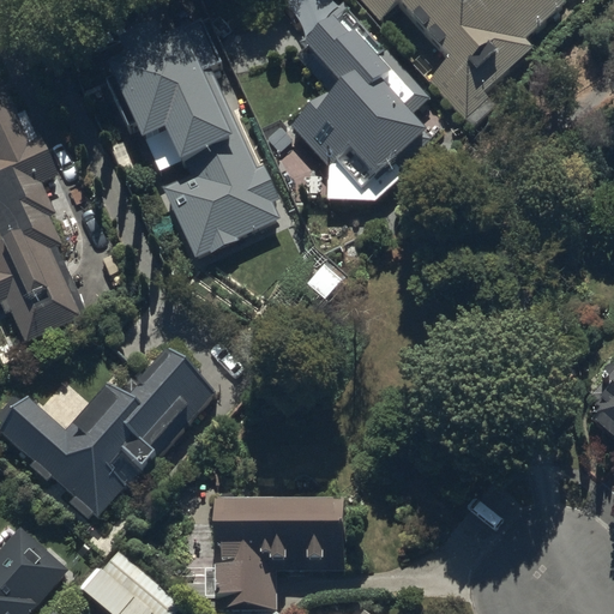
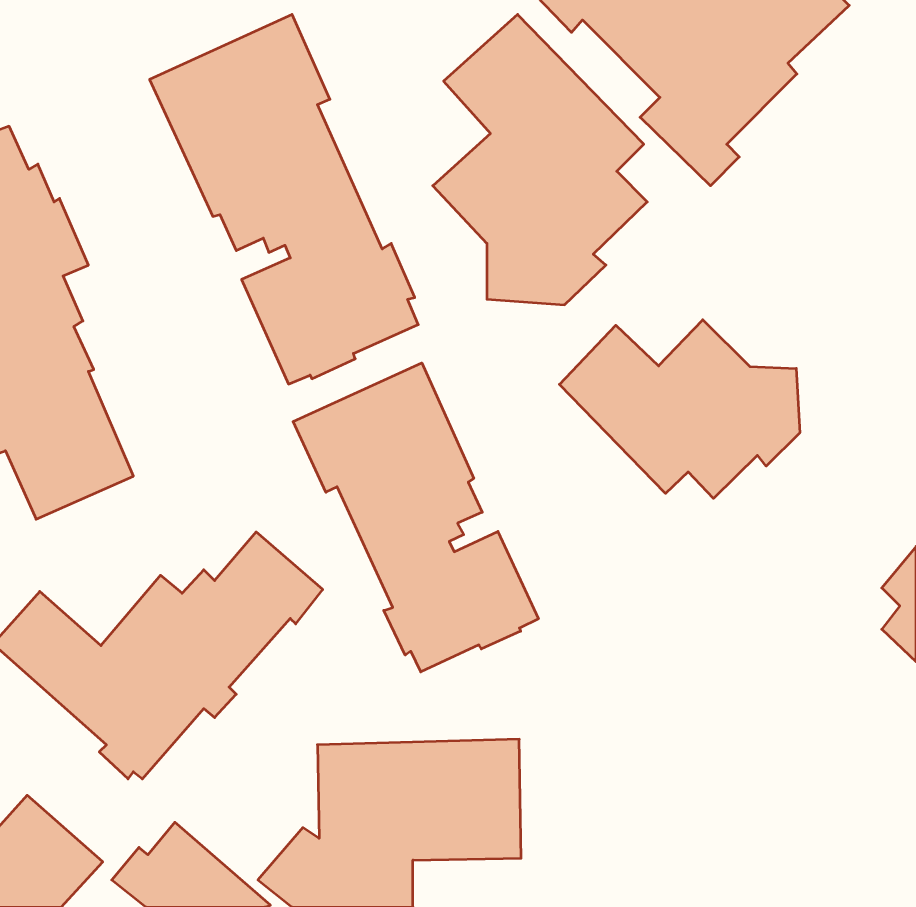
building: none -> [559,320,800,498]
building: none -> [293,363,538,672]

